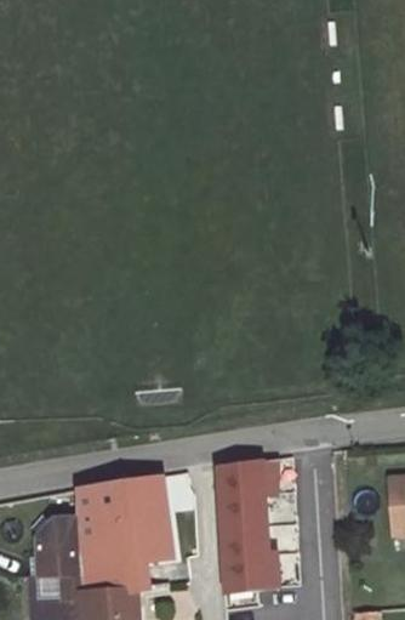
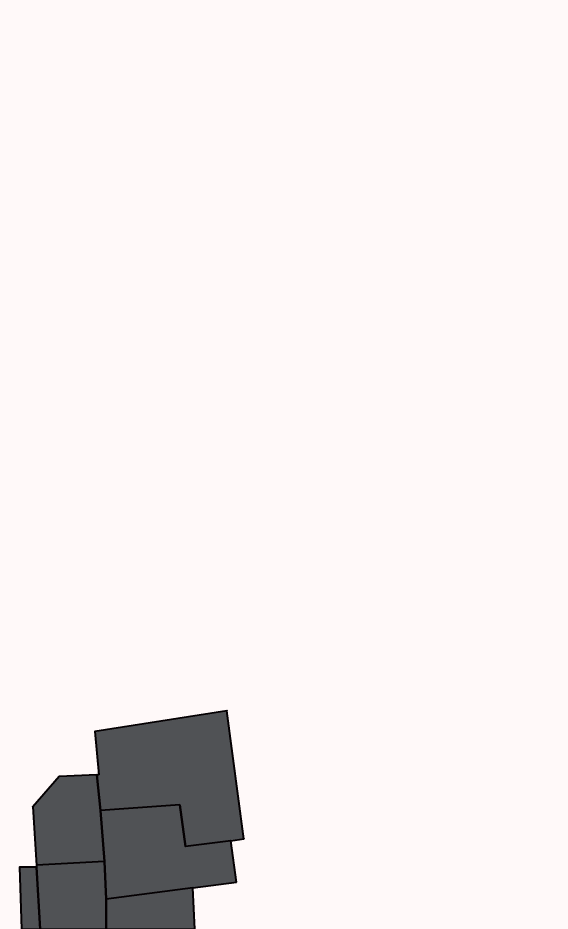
building: [218,457,276,591] -> none

